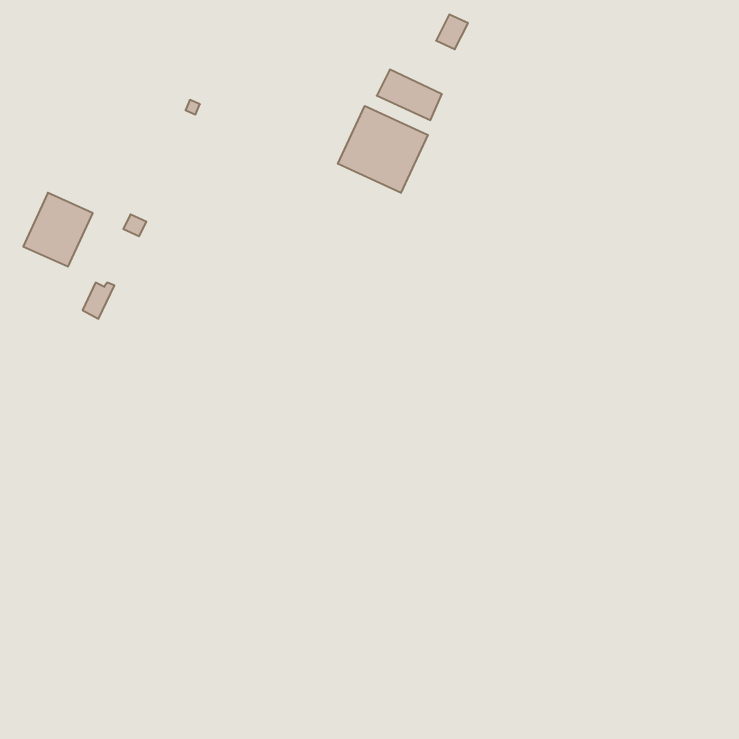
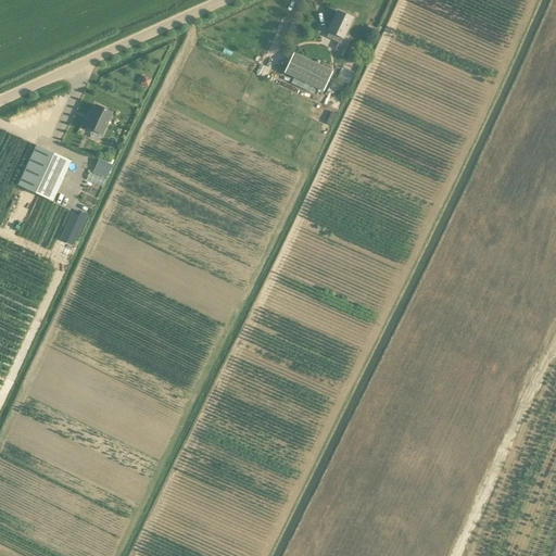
building: [338,106,428,193] -> none
building: none -> [81,103,111,134]

